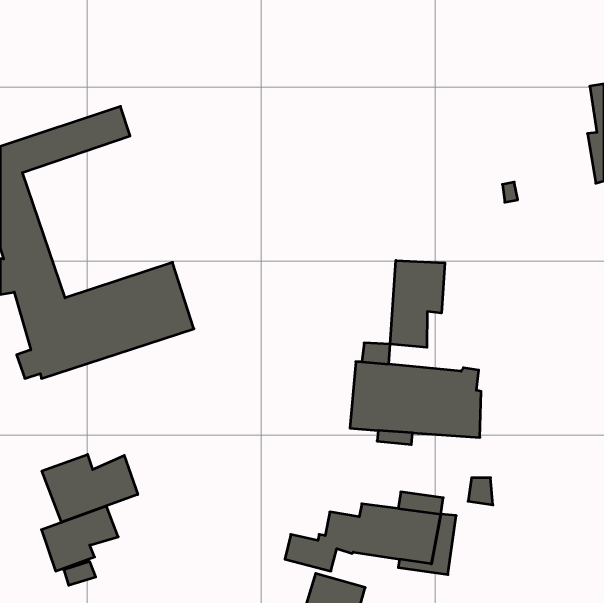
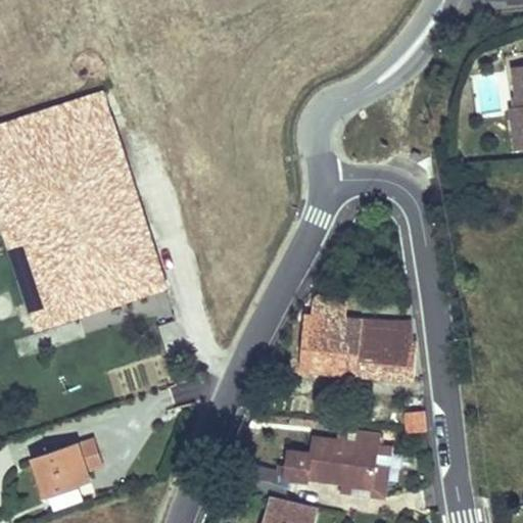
building: none -> [19,118,149,258]
building: [390,260,445,347] -> none
building: [42,454,138,522] -> none

